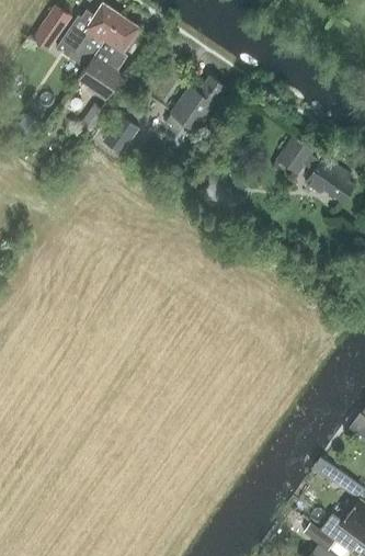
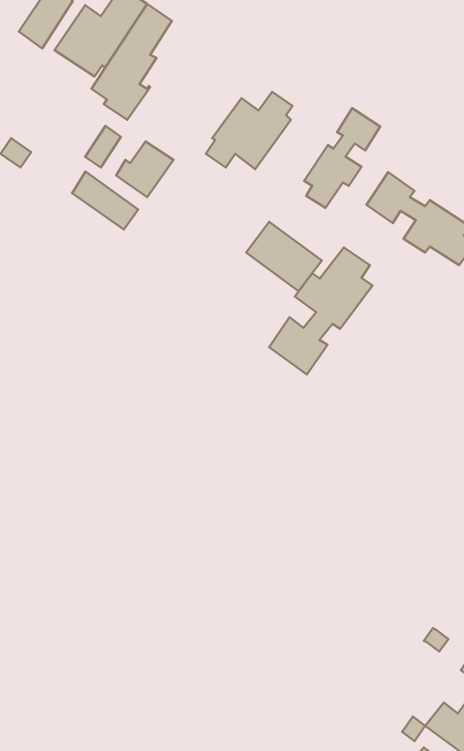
building: none -> [304,108,380,208]
building: none -> [72,172,138,230]
building: none -> [269,247,372,375]

